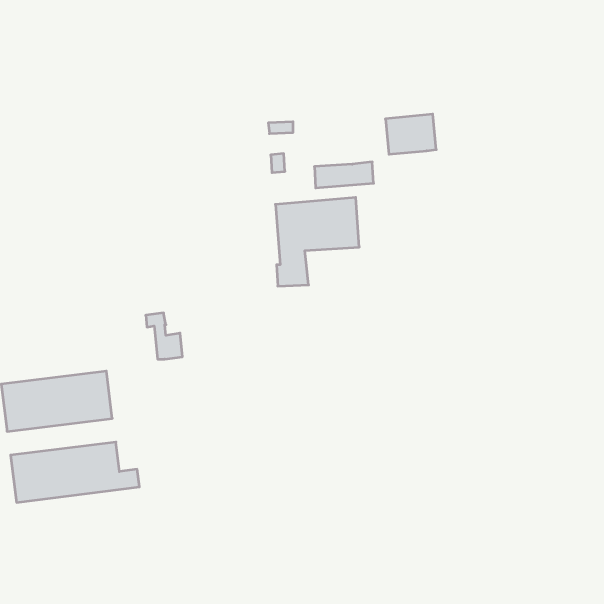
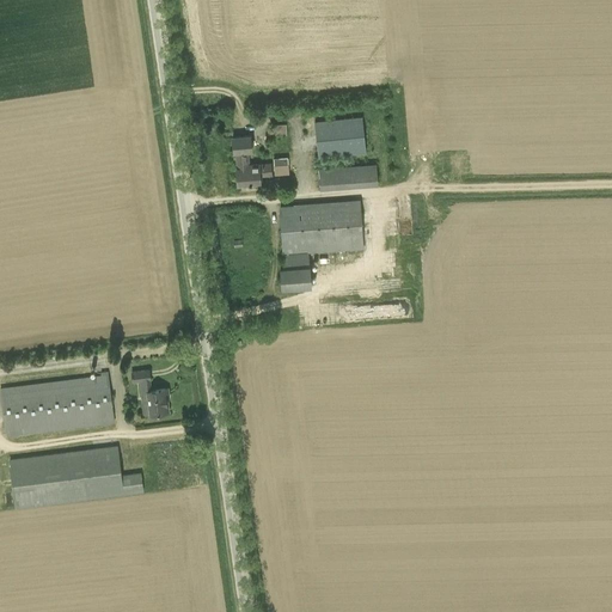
building: [385,114,436,154] -> [314,117,366,158]
building: none -> [232,135,273,186]
building: [146,313,182,359] -> [131,368,169,415]

